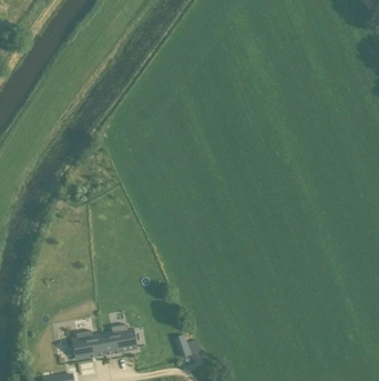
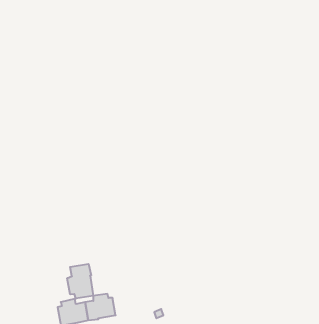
building: none -> [67,264,93,299]

